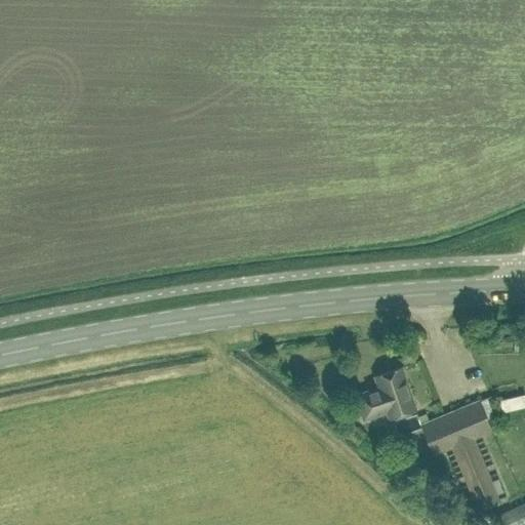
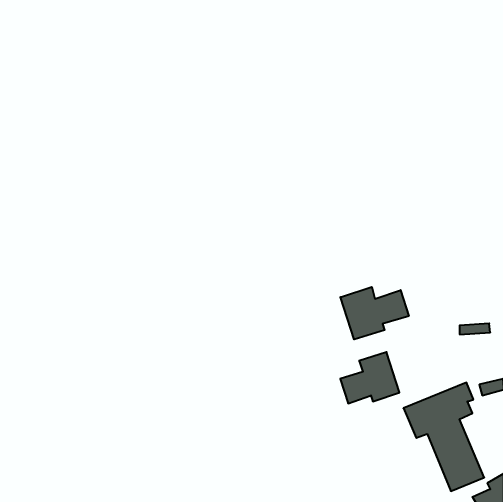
building: none -> [340,287,409,339]

